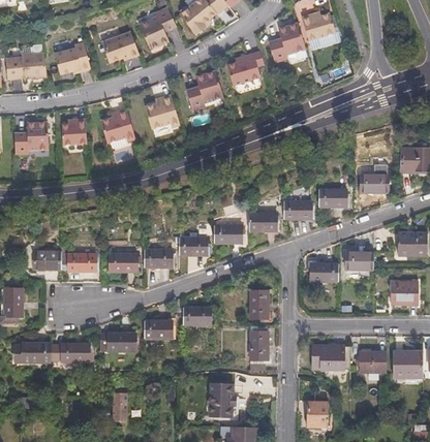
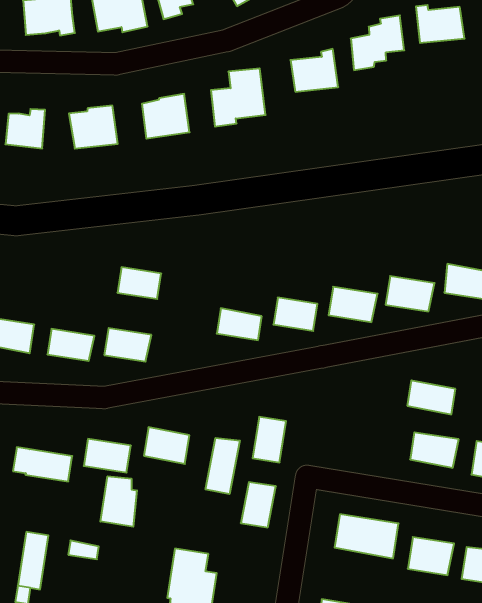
building: [180,239,206,255] -> [117,267,161,299]
building: [310,263,339,282] -> [410,432,459,468]
building: none -> [206,438,240,494]
building: none -> [100,476,137,527]

